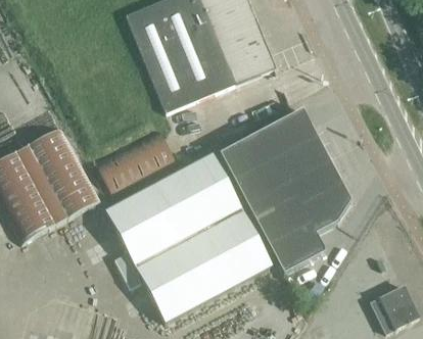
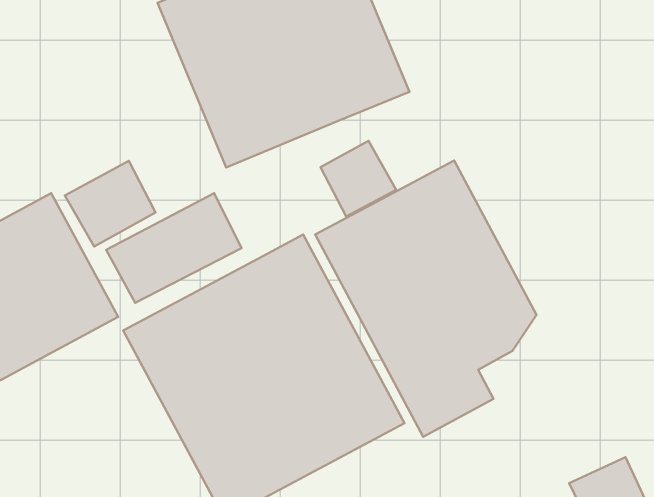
building: none -> [321,141,396,217]
building: none -> [65,161,155,246]

